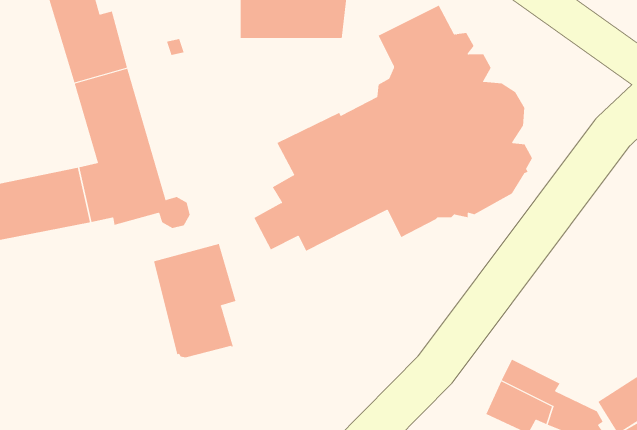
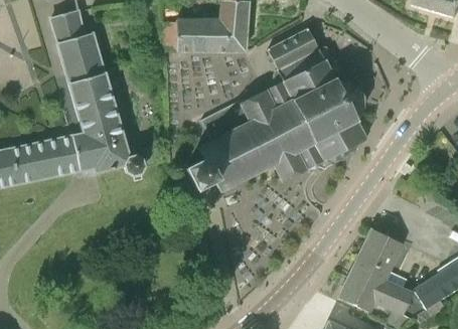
building: [154,243,236,358] -> none
building: none -> [354,229,401,278]

